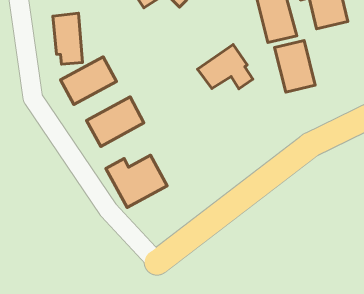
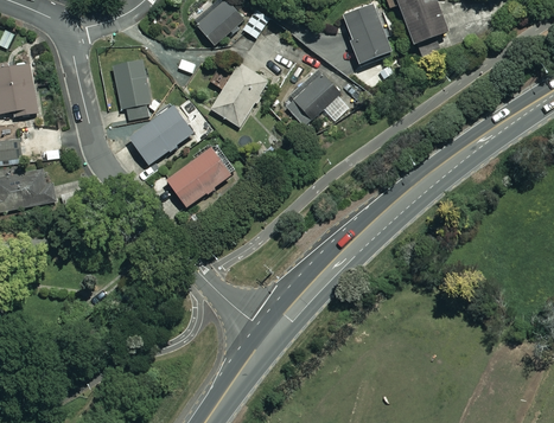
building: none -> [211,64,267,126]
building: [275,41,315,92] -> none
building: [106,155,167,208] -> none

